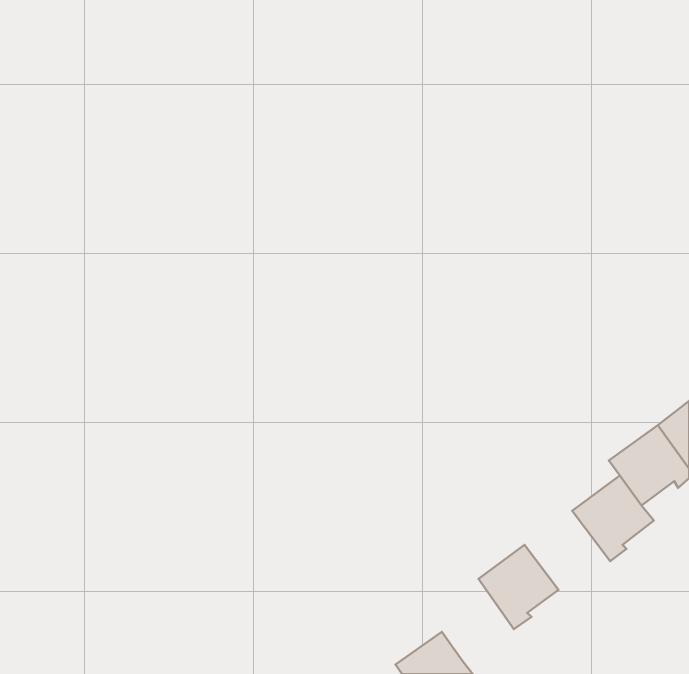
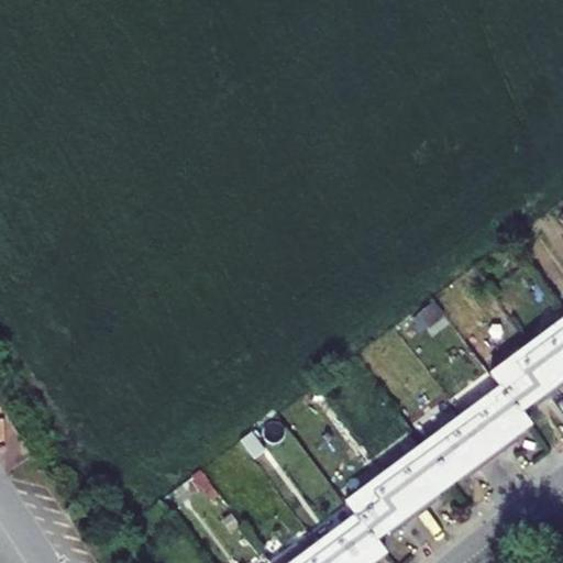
building: none -> [424,413,494,477]
building: none -> [347,468,416,534]

